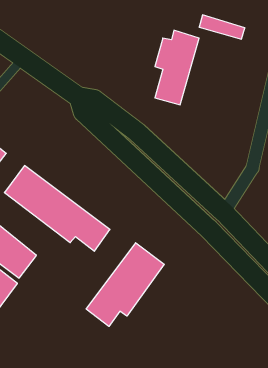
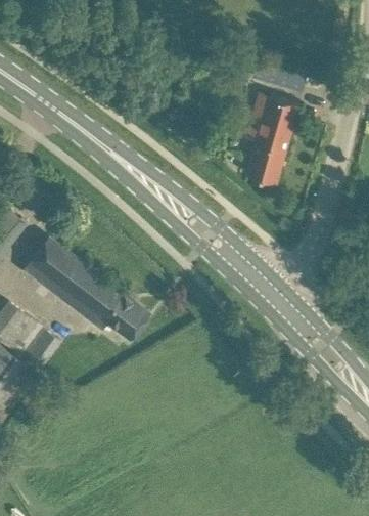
building: [155,30,199,105] -> [247,94,299,182]
building: [86,243,164,326] -> none

